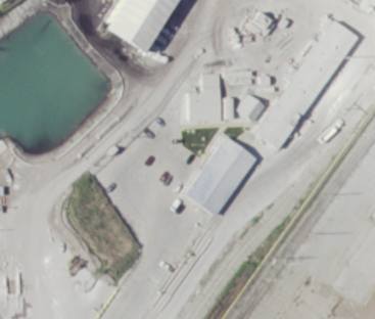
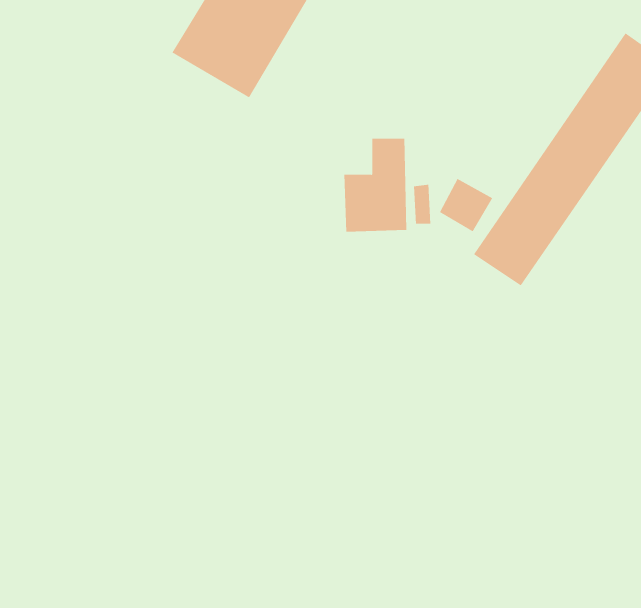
building: [186,135,256,216] -> none

